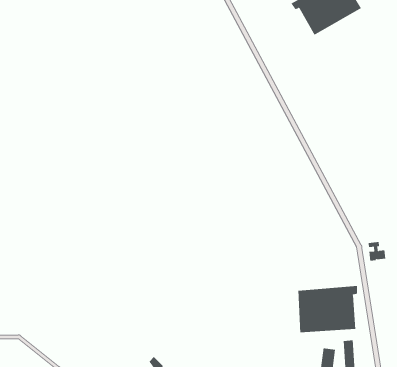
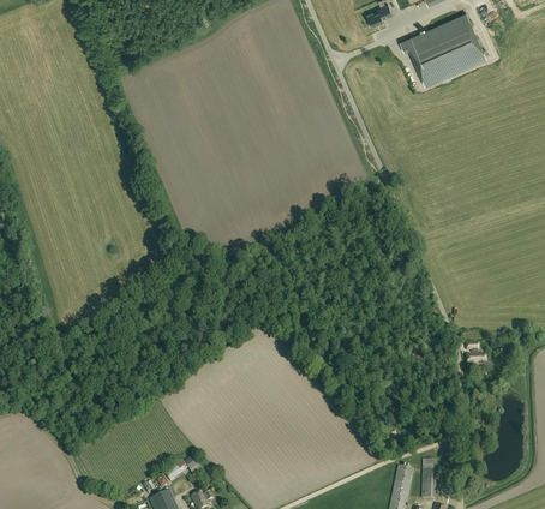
building: [298,285,358,333] -> none

